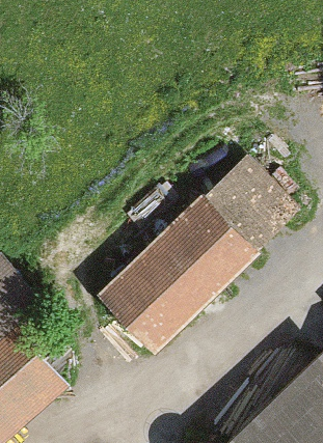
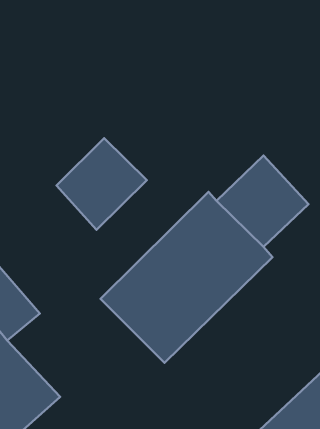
building: none -> [56,138,147,230]

